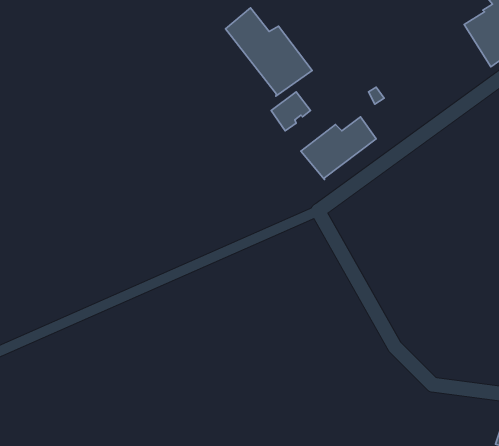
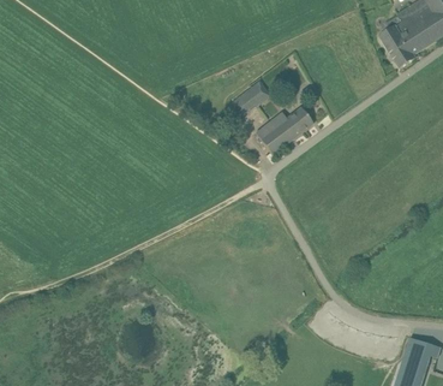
building: [225,8,312,96] -> none

